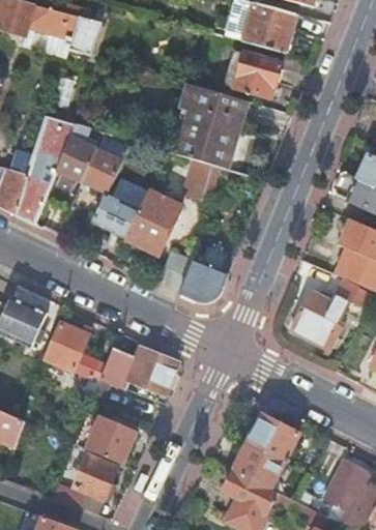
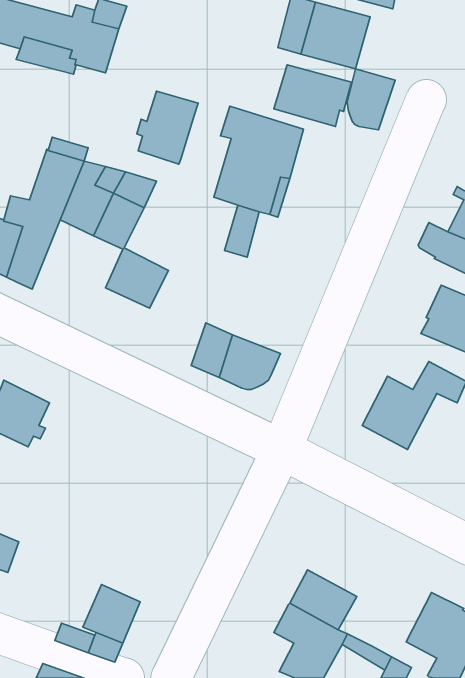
building: none -> [347,69,395,130]
building: none -> [137,91,198,164]
building: [125,192,180,255] -> none
building: [46,322,99,378] -> none
building: [100,346,180,395] -> none
building: [86,414,138,463] -> none
building: [248,414,300,463] -> none

